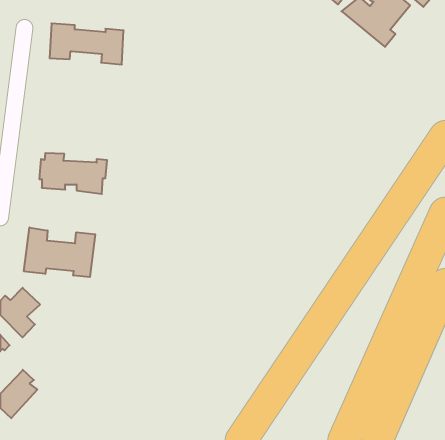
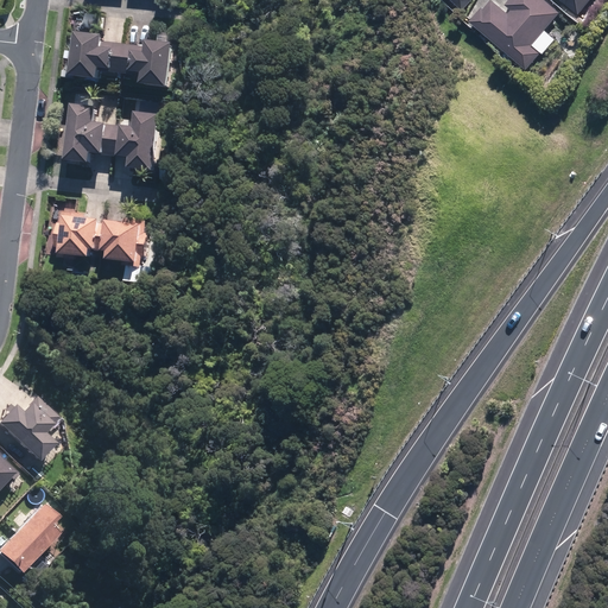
building: none -> [64,104,157,171]
building: [24,227,95,277] -> none

